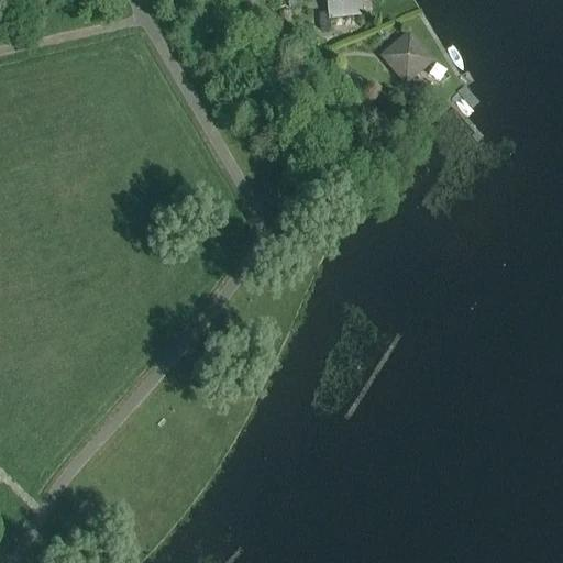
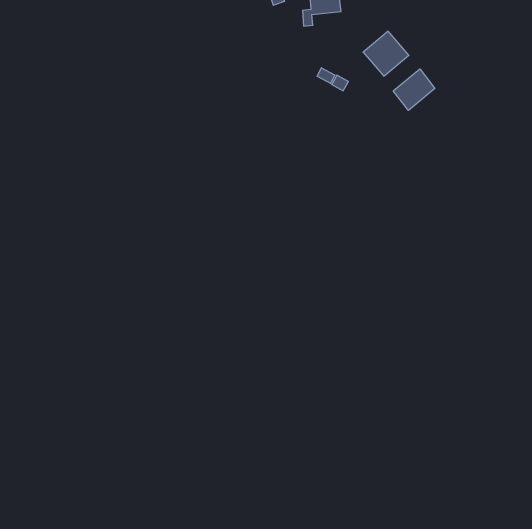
building: none -> [393,69,435,110]

